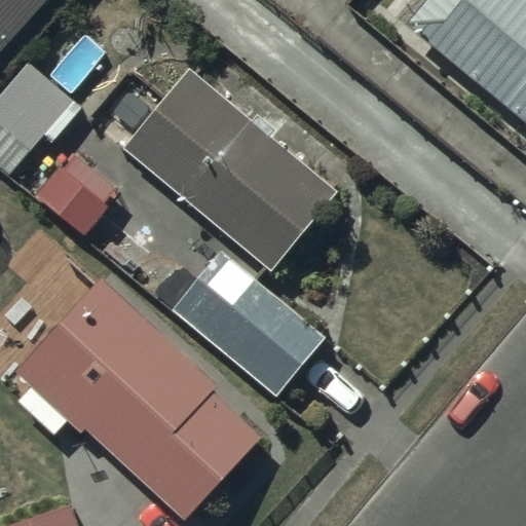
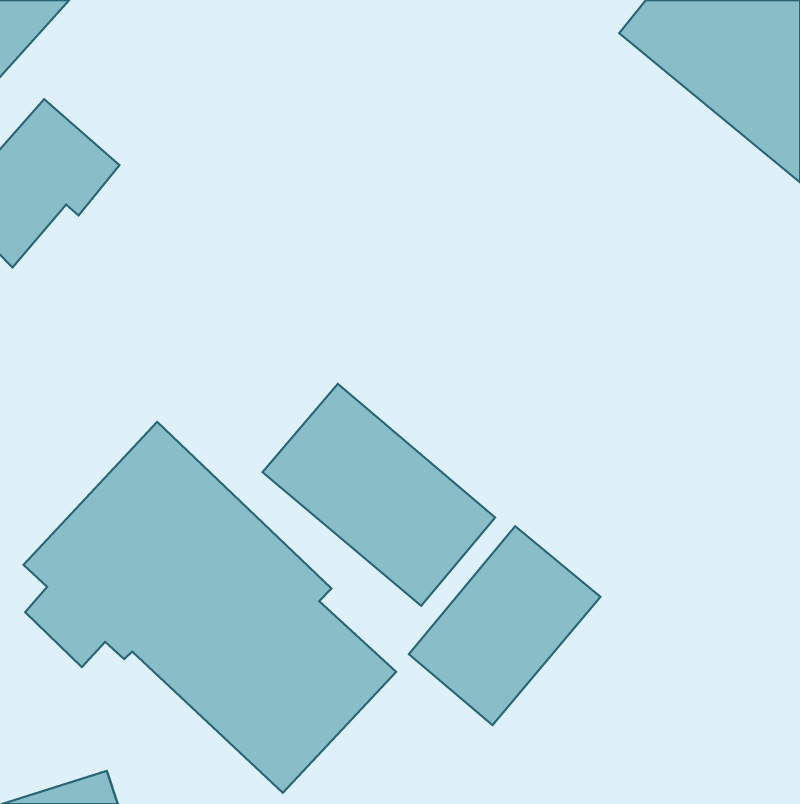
building: [123,67,337,270] -> none
building: none -> [409,526,600,725]

